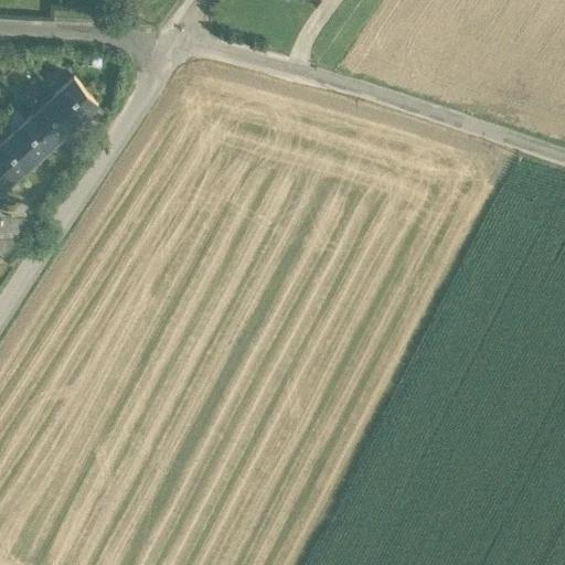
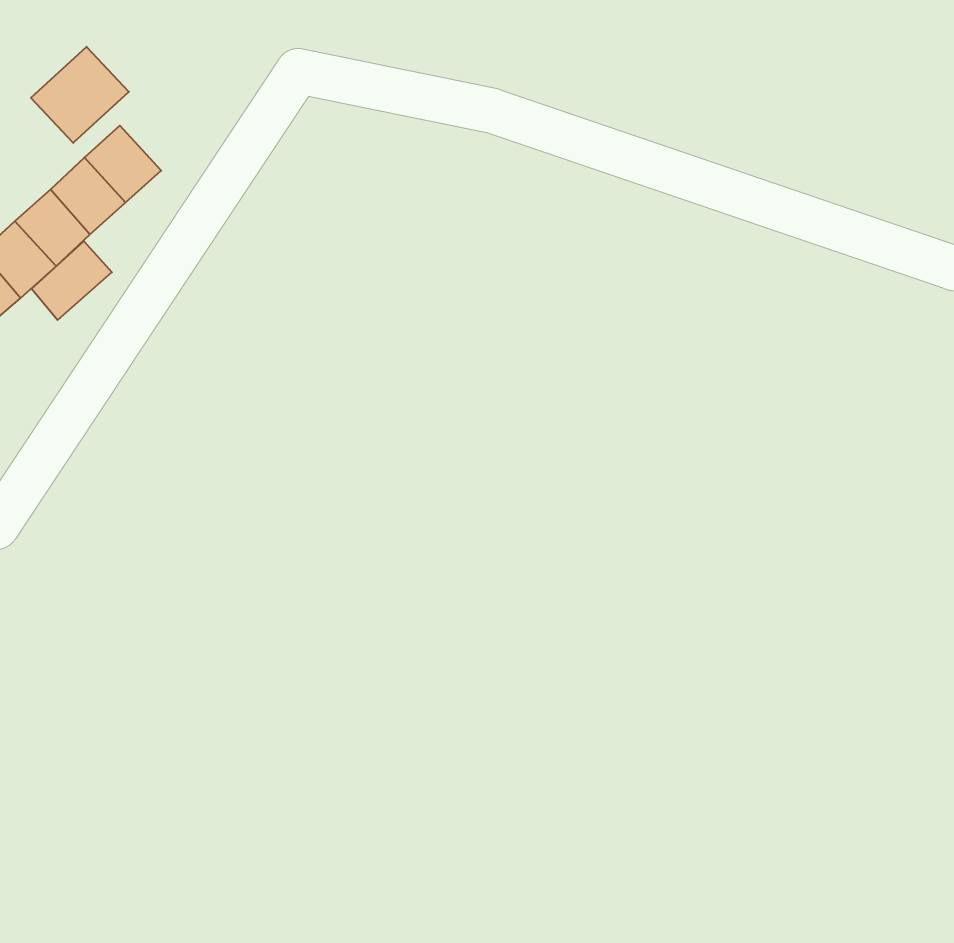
building: none -> [31,47,129,143]
building: none -> [31,241,112,320]

